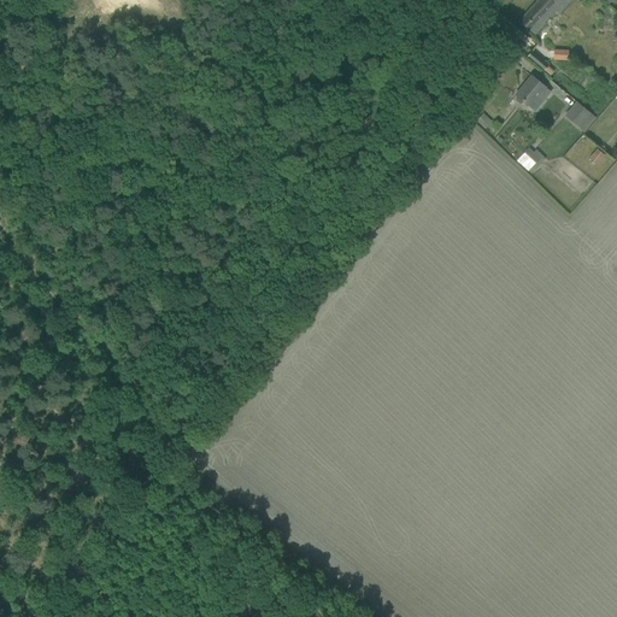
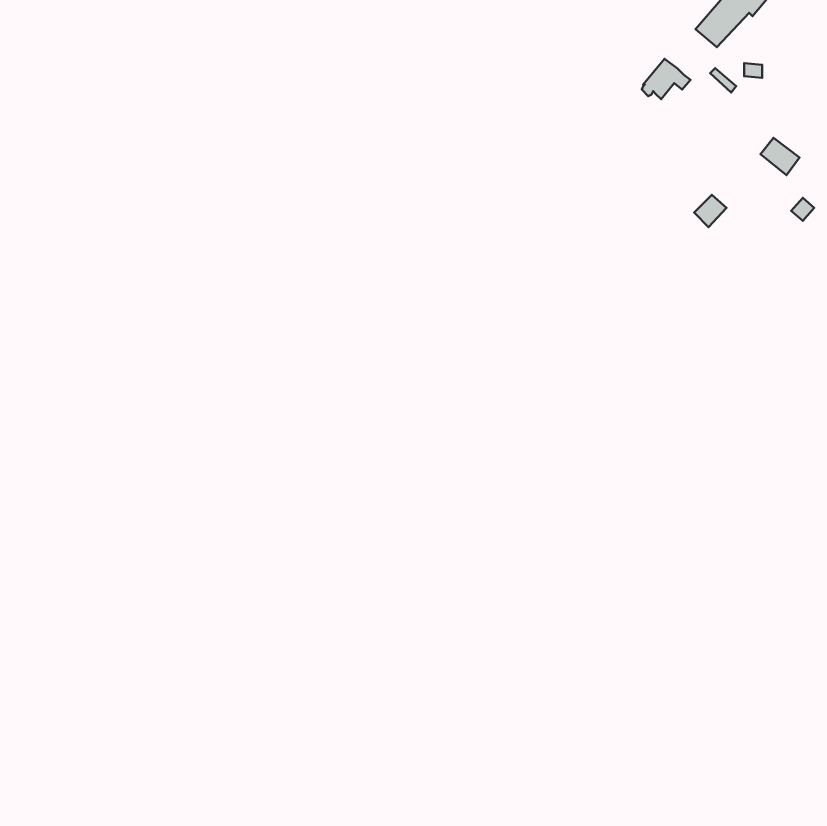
building: [516,75,552,105] -> [642,59,690,99]

